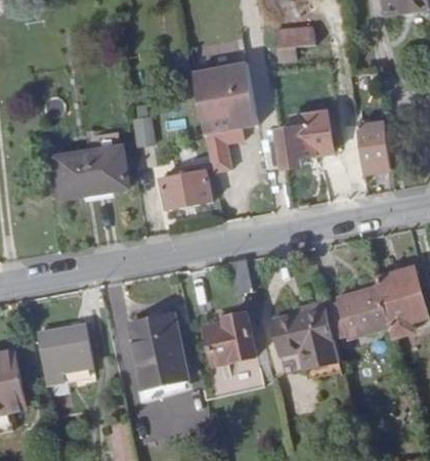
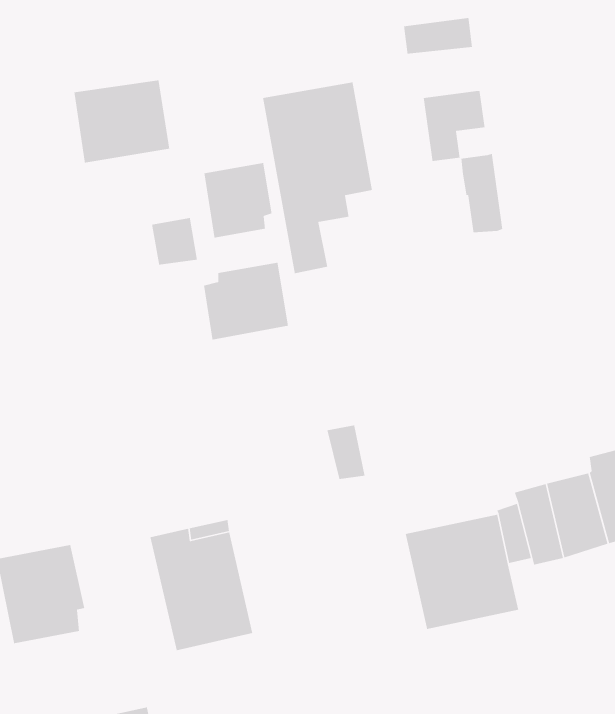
building: none -> [203,162,273,239]
building: [356,122,389,168] -> none
building: [277,126,313,167] -> [423,90,485,162]
building: [56,146,112,195] -> [74,79,170,163]
building: [206,310,254,362] -> none

